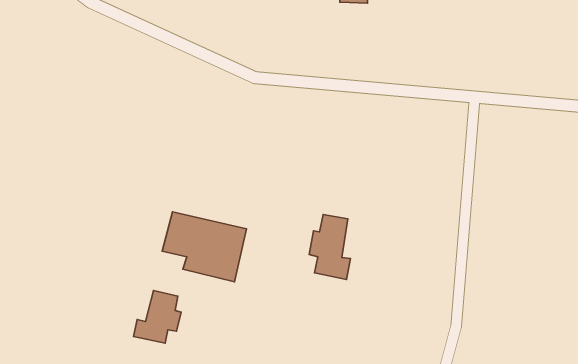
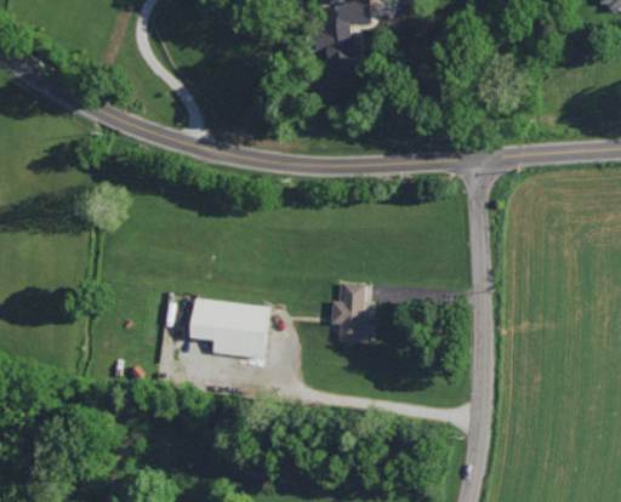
building: [133,291,181,343] -> none

